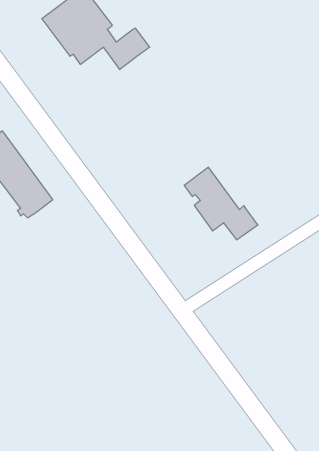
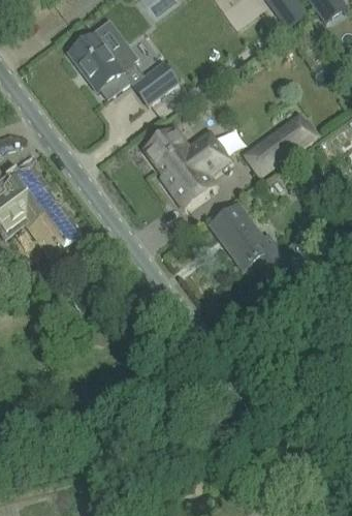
building: none -> [245,111,318,174]
building: none -> [145,127,228,207]

